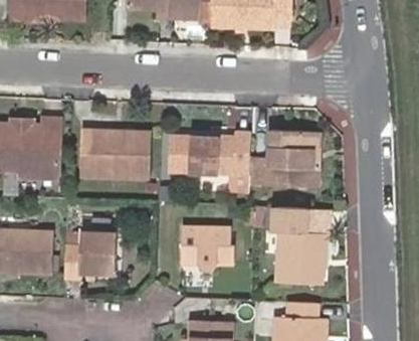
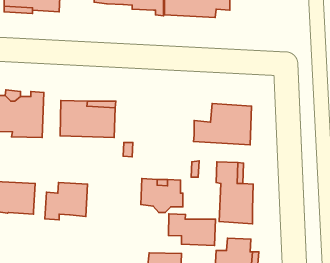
building: [170,130,248,173] -> none
building: none -> [168,214,216,245]

